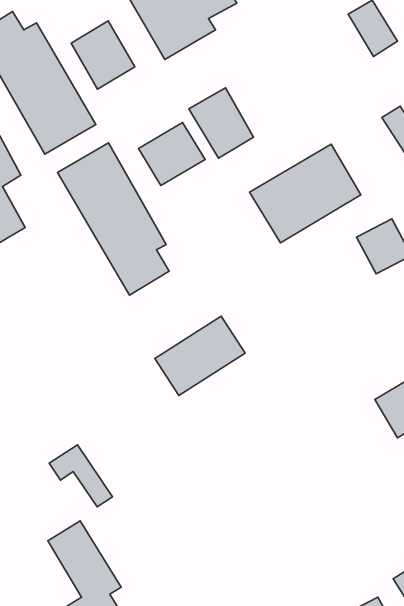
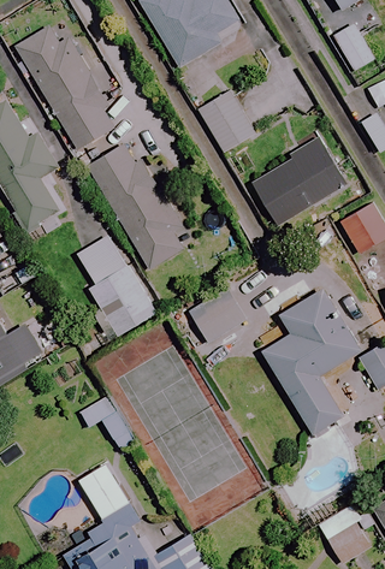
building: [71,21,135,89] -> none
building: [138,123,205,186] -> none
building: none -> [76,235,155,336]
building: none -> [266,283,366,431]

